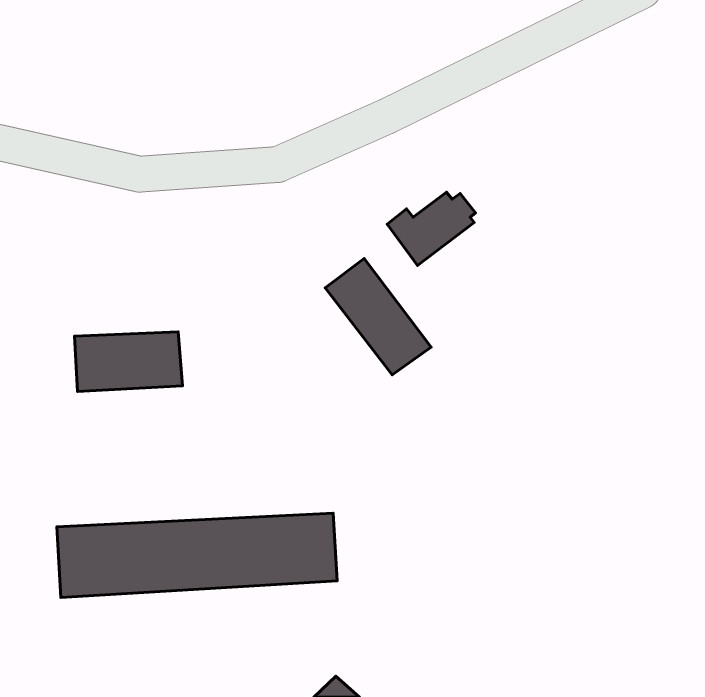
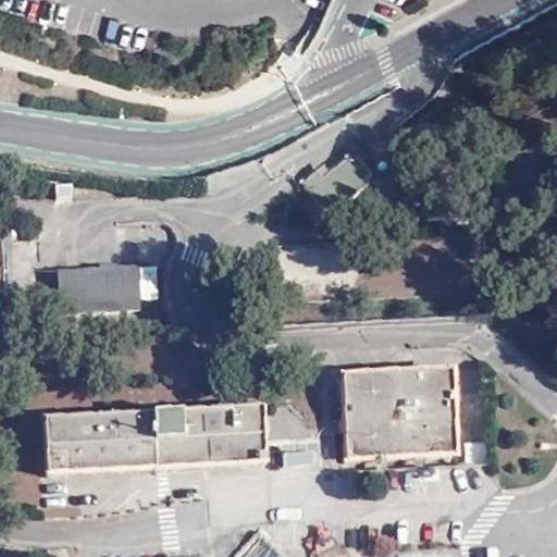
building: [325,258,431,375] -> none
building: none -> [342,366,458,455]

